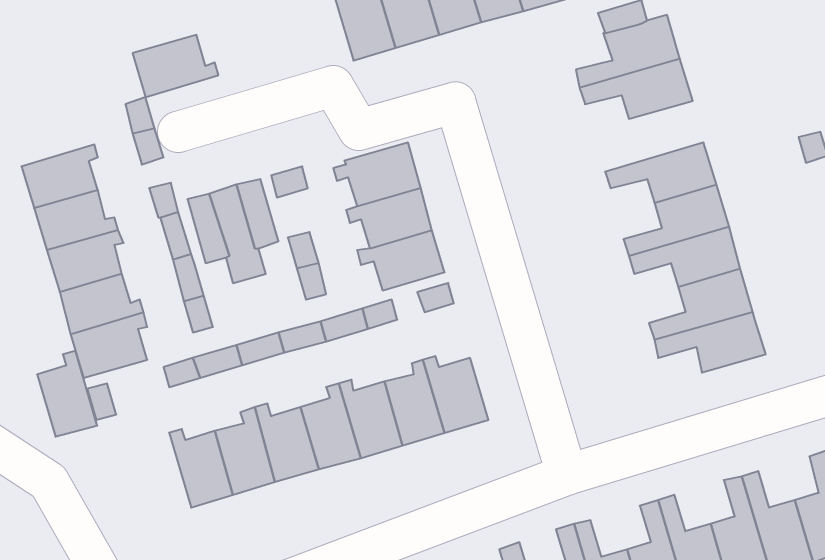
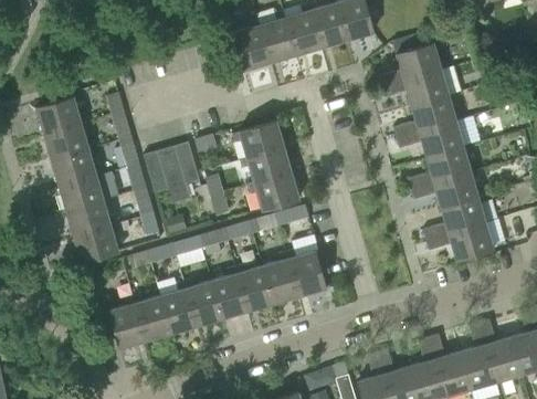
building: [133,35,218,97] -> [35,97,87,135]
building: none -> [393,95,456,138]
building: [37,351,97,437] -> [109,296,146,348]

